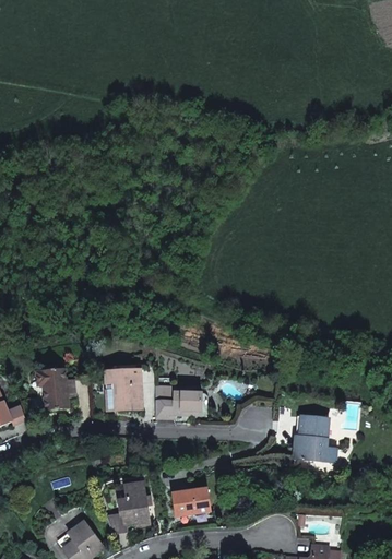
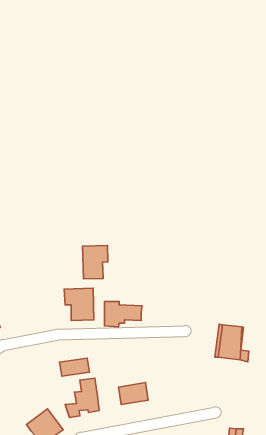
building: none -> [82,245,108,279]
building: [36,368,74,409] -> none
building: none -> [59,358,89,376]

